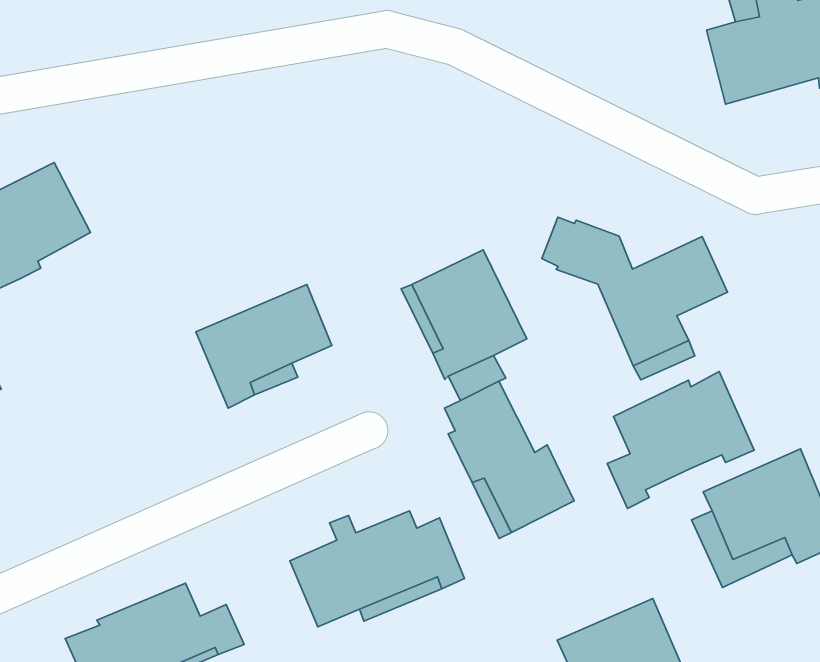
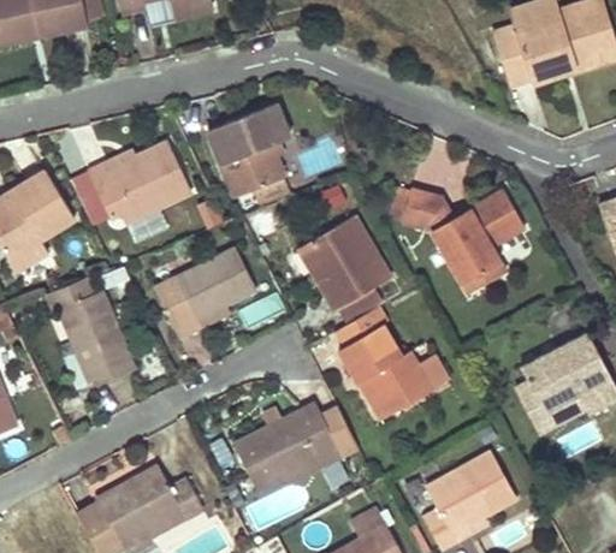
building: none -> [206,103,286,203]
building: none -> [83,144,183,225]
building: none -> [42,275,130,387]
building: [607,372,754,509] -> none

